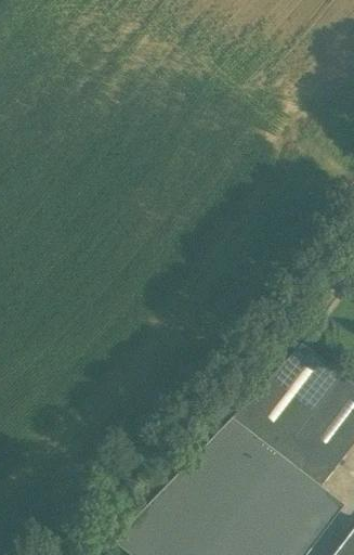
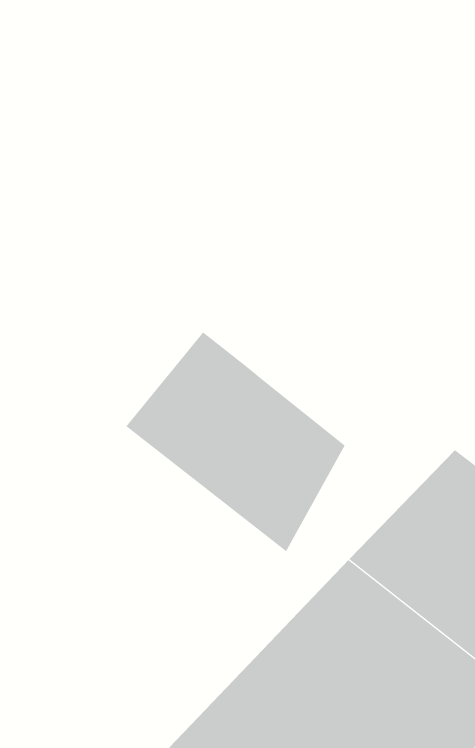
building: none -> [125,332,346,552]

